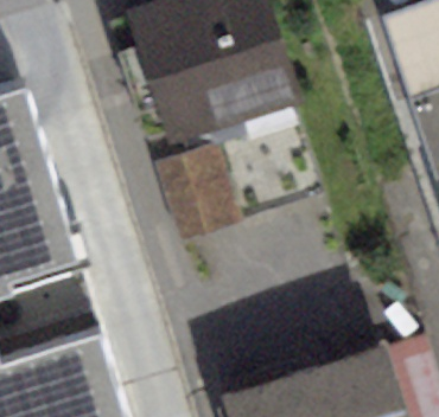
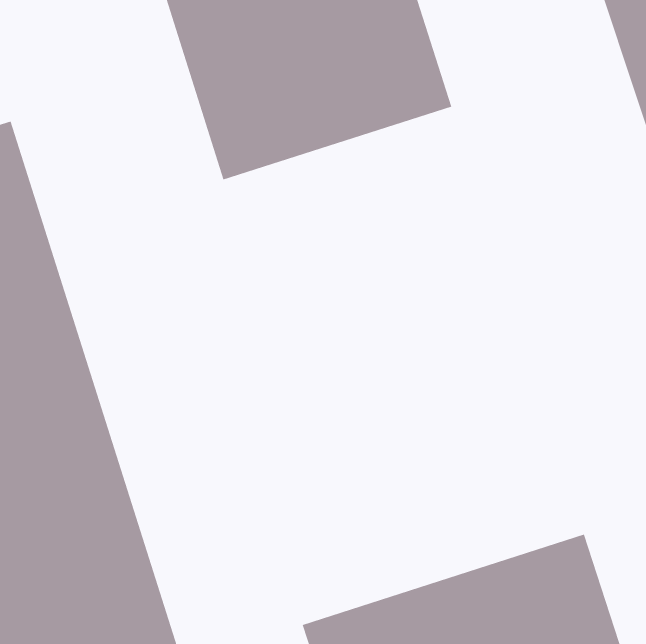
building: [164,146,246,239] -> none

